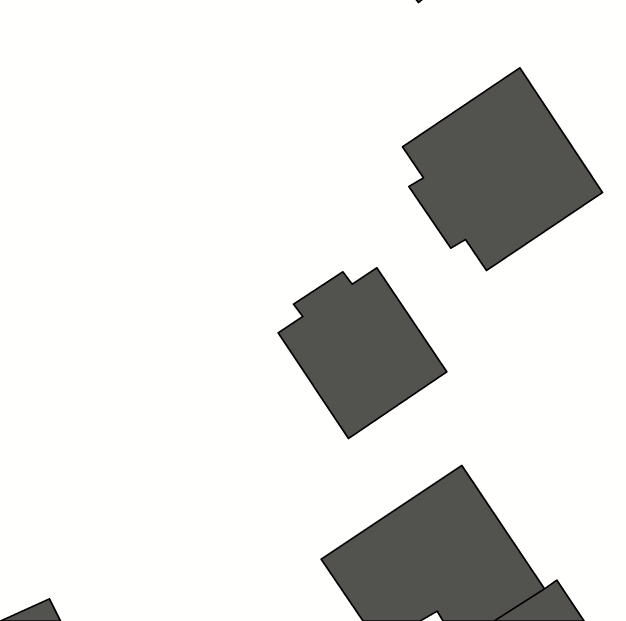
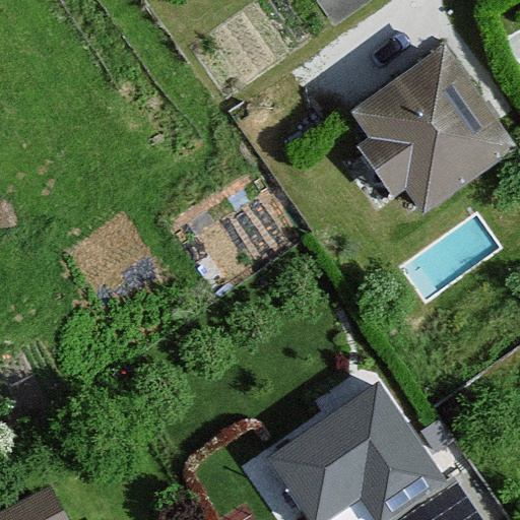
building: [278,268,447,438] -> none

